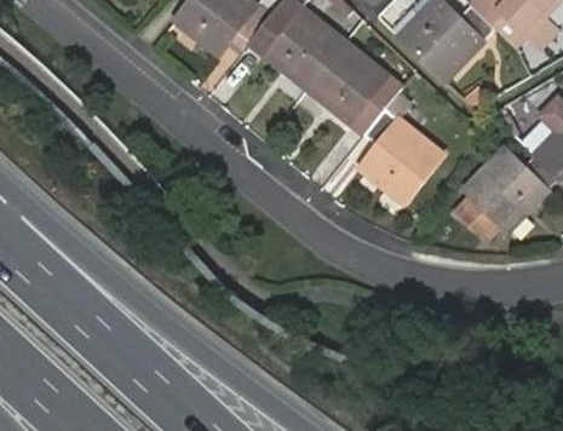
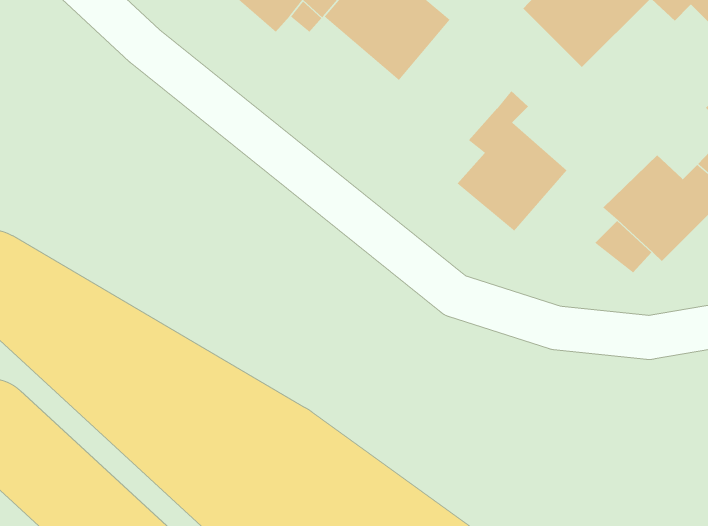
building: [308,44,389,134] -> none

